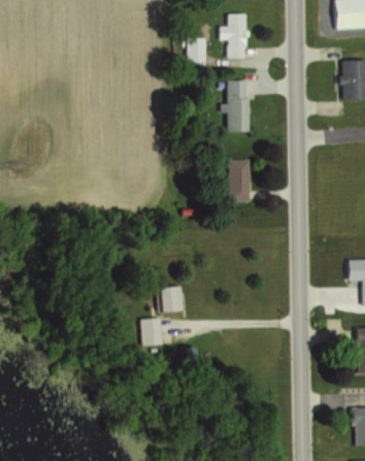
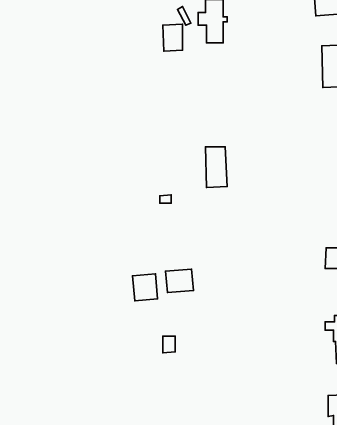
building: [223,80,250,131] -> none
building: none -> [166,269,193,293]
building: [142,319,162,345] -> none

